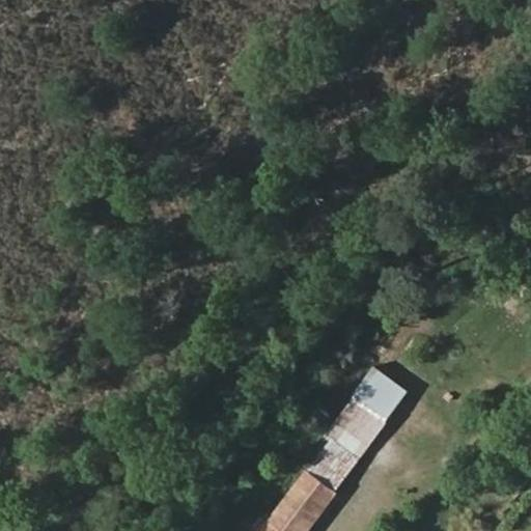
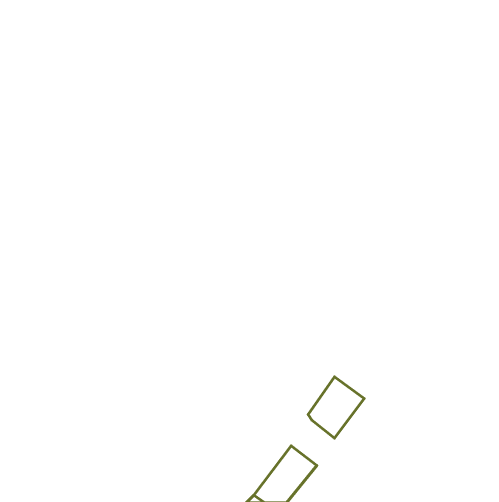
building: [353,368,404,421] -> none
building: [307,444,353,492] -> none

